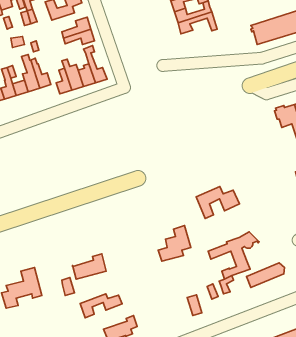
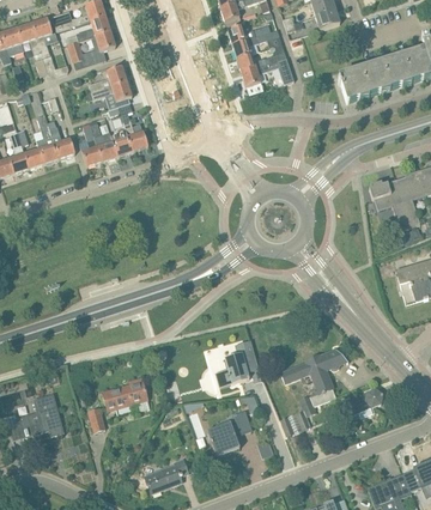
building: [196,187,239,218] -> none
building: none -> [207,409,251,455]
building: [80,294,122,318] -> none

